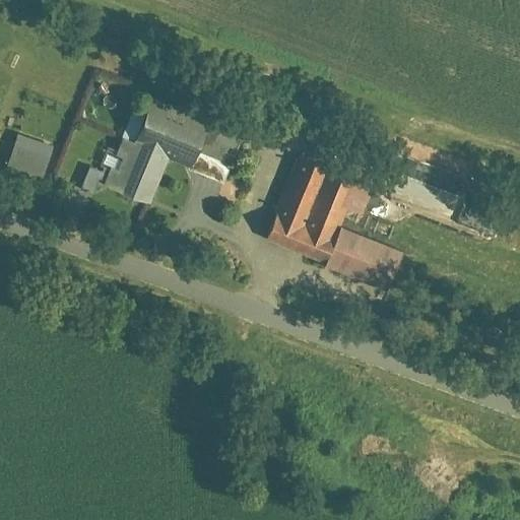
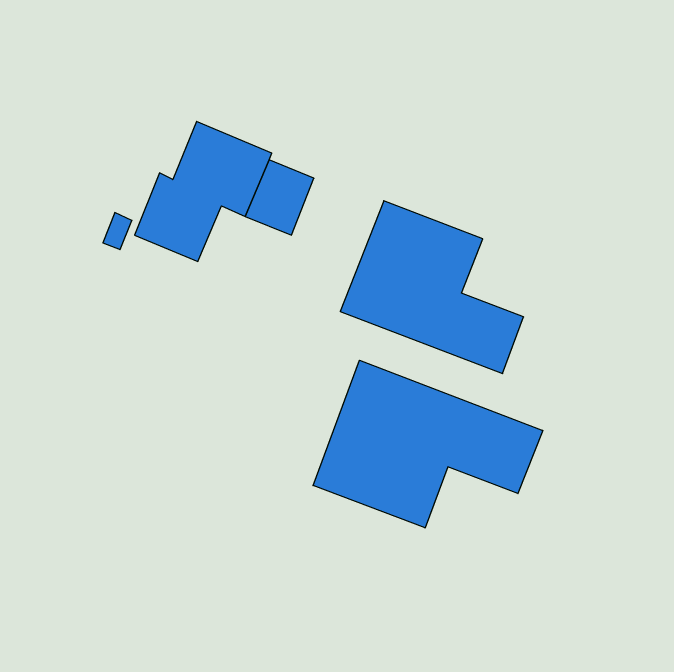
building: [5,133,54,180] -> none
building: none -> [313,360,543,528]

